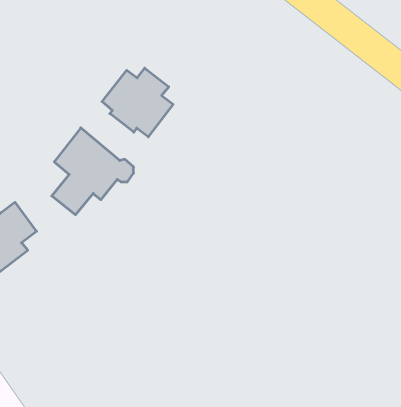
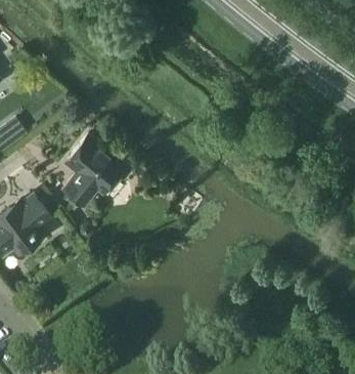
building: [102,68,173,137] -> none

